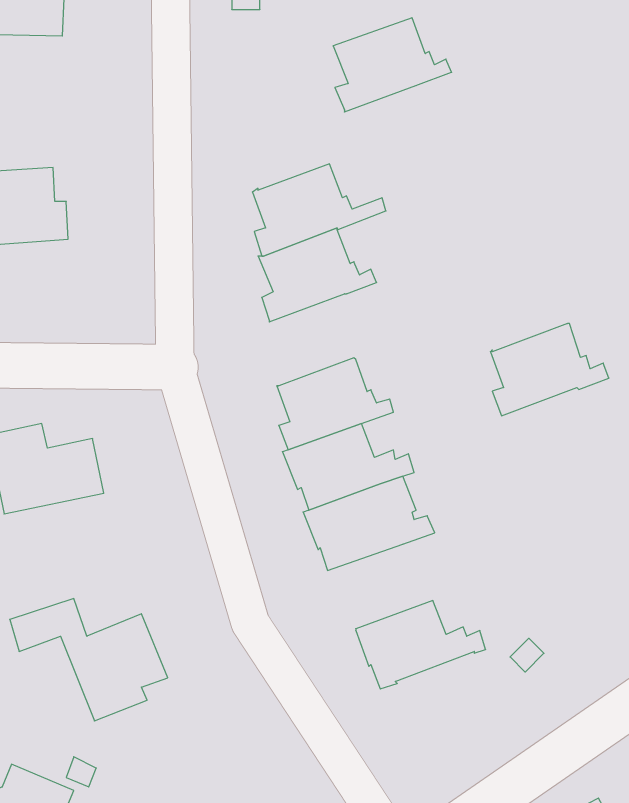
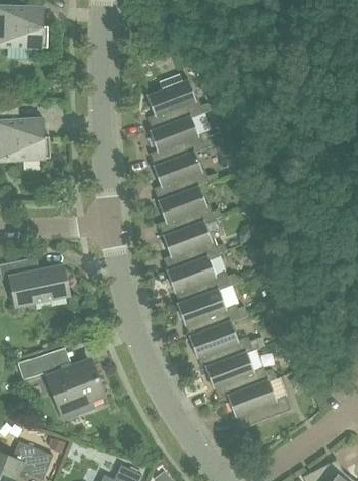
building: [333,18,452,112] -> [145,79,210,130]
building: [490,324,609,416] -> [157,186,221,236]
building: none -> [188,321,259,369]
building: none -> [226,379,290,428]

